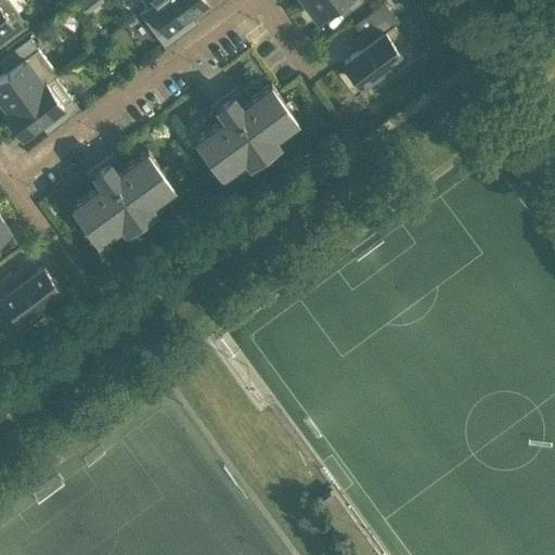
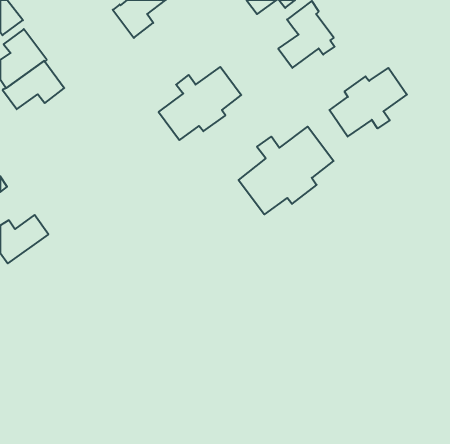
building: none -> [329,68,407,137]
building: [72,156,173,247] -> none
building: none -> [239,127,334,214]

